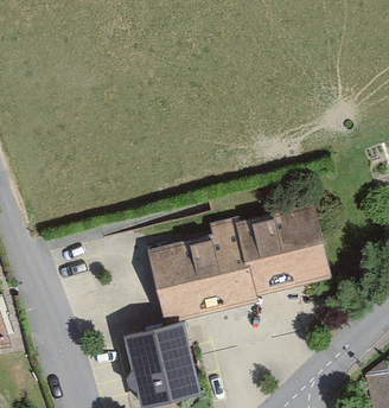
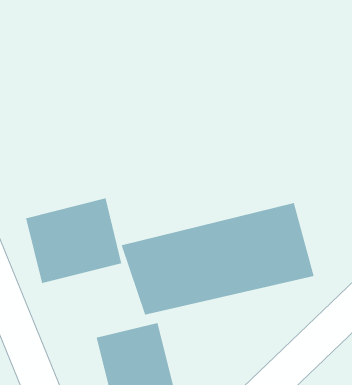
building: none -> [26,198,122,284]

